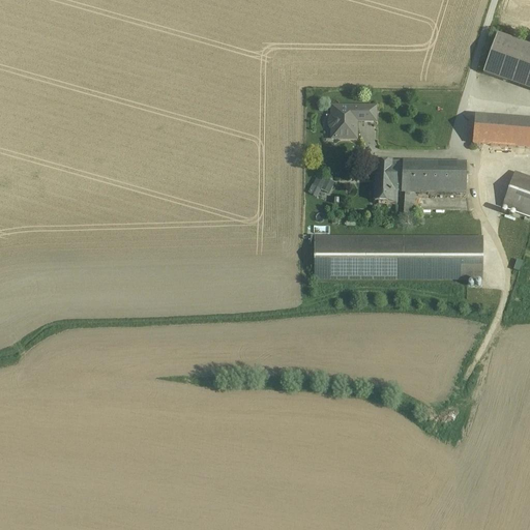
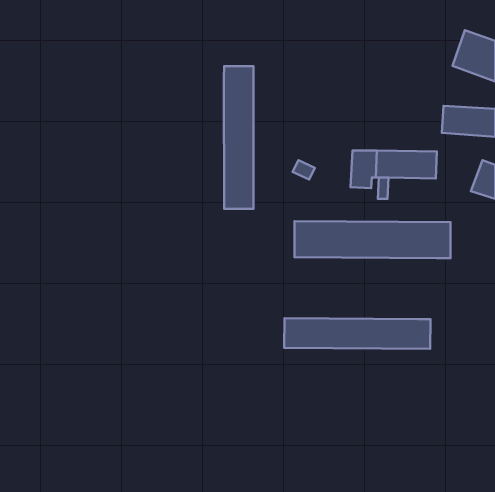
building: none -> [224,66,254,209]
building: [329,105,376,137] -> none
building: none -> [284,318,430,349]

